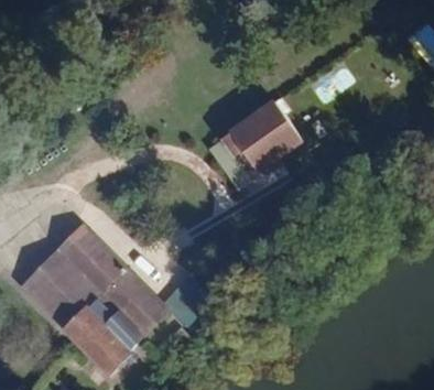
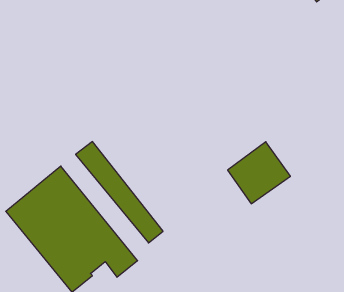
building: [225,107,295,176] -> [228,142,290,204]

